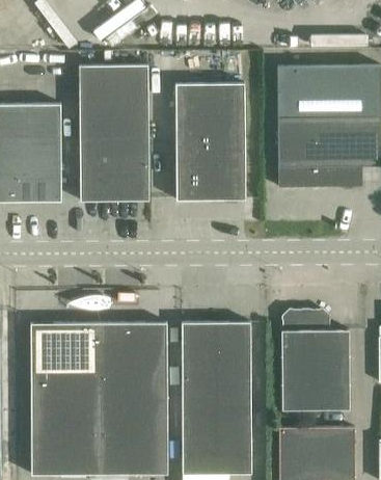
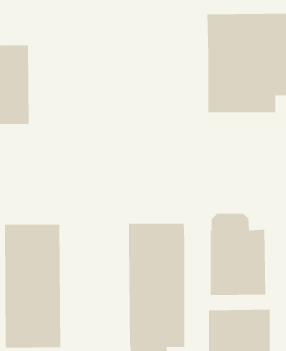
building: [79,64,149,202] -> none
building: [175,83,245,201] -> none
building: [99,322,168,474] -> none

